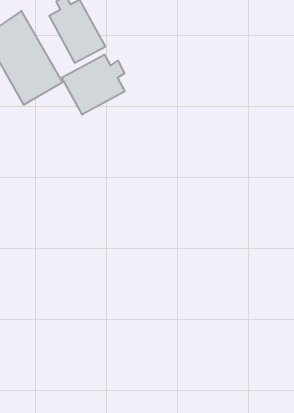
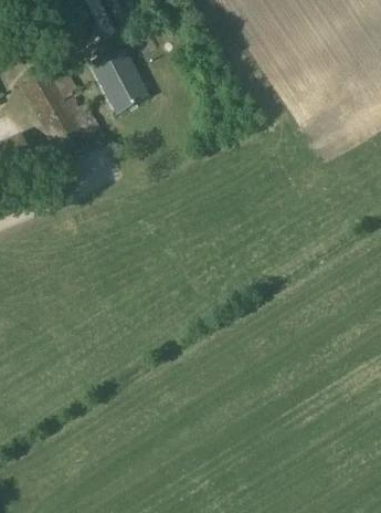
building: [62,55,125,115] -> none

